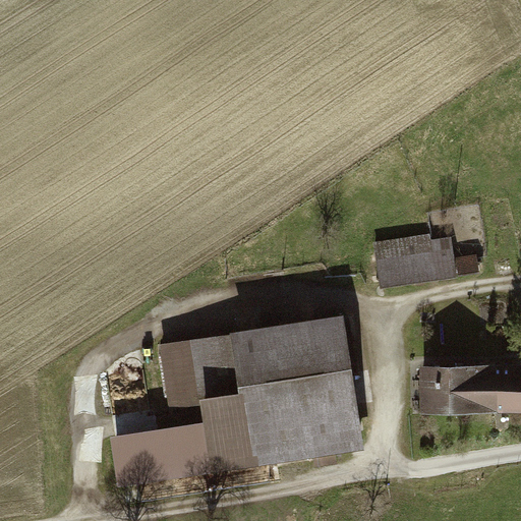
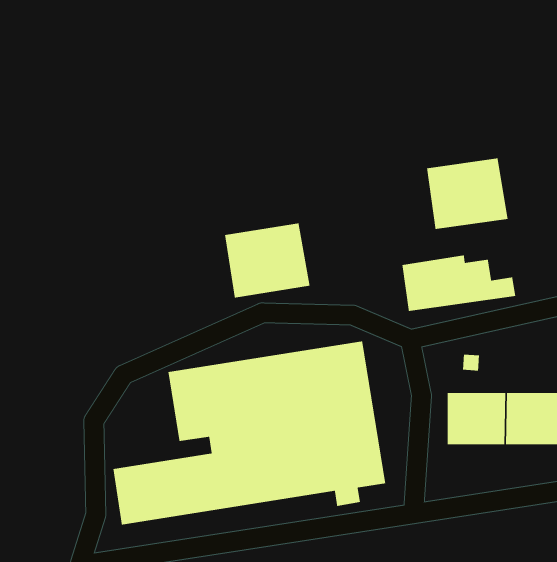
building: none -> [426,157,508,230]
building: none -> [224,222,311,298]

